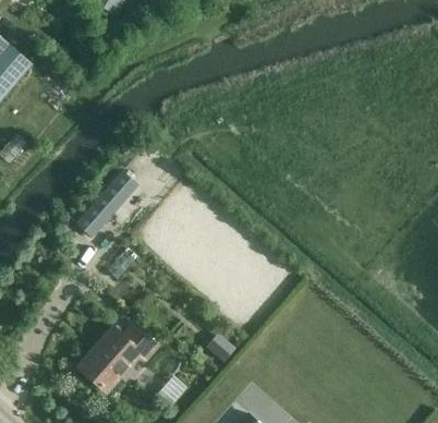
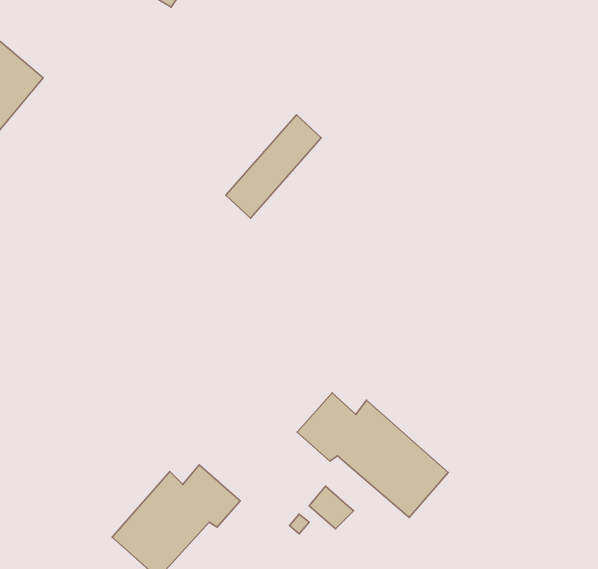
building: [75,169,138,238] -> [226,115,321,218]
building: none -> [297,393,448,517]

